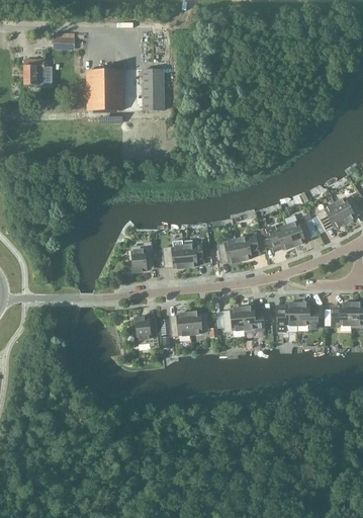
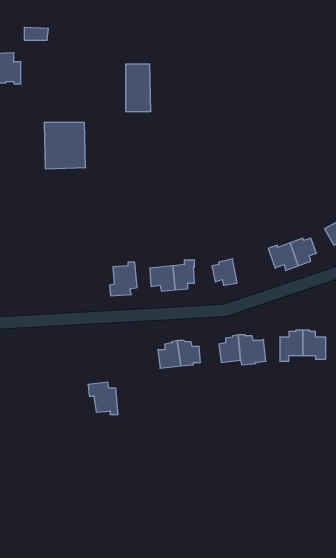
building: [88,70,124,110] -> [44,123,86,169]
building: [238,233,260,261] -> none
building: [132,317,159,345] -> [88,382,118,414]

